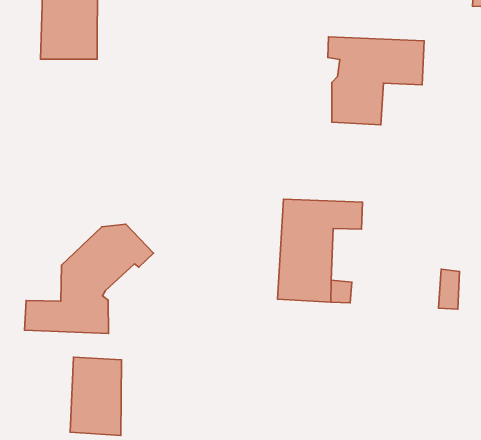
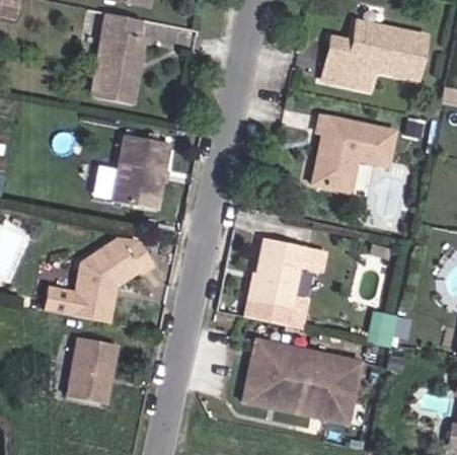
building: none -> [113,135,167,208]
building: none -> [243,339,362,423]

